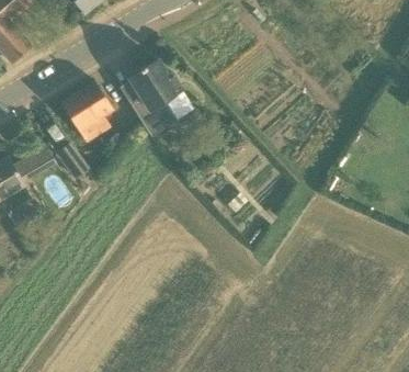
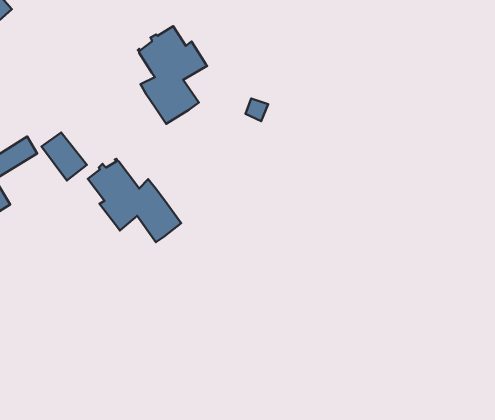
building: [60,80,112,140] -> none
building: none -> [88,159,181,242]

